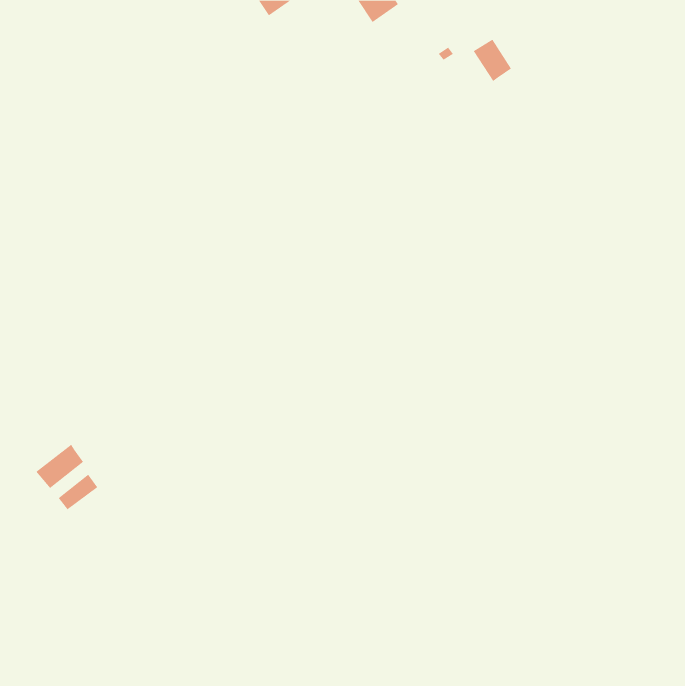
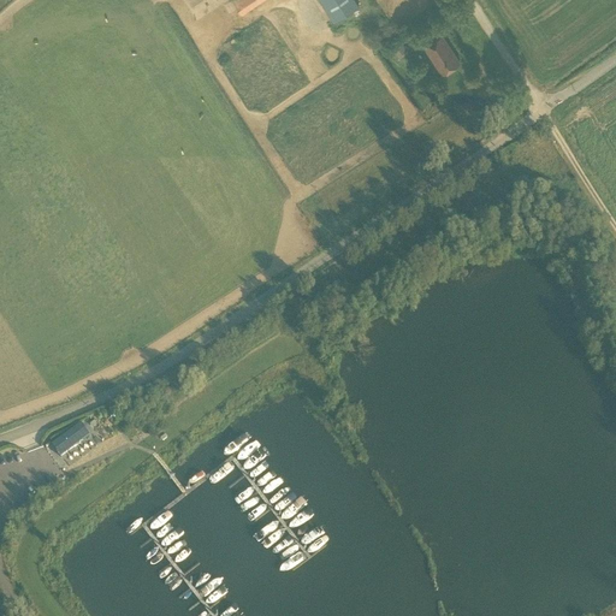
building: [35,444,84,489] -> none

